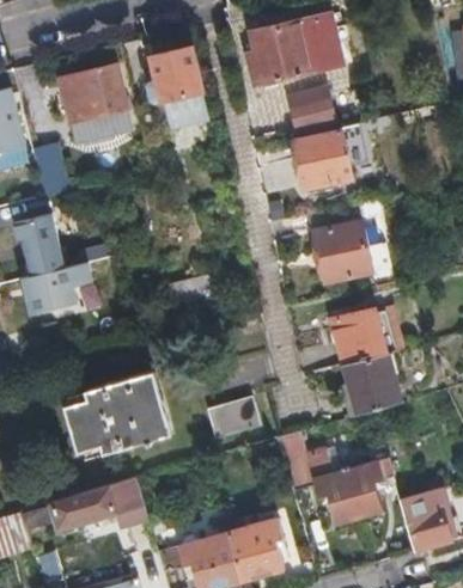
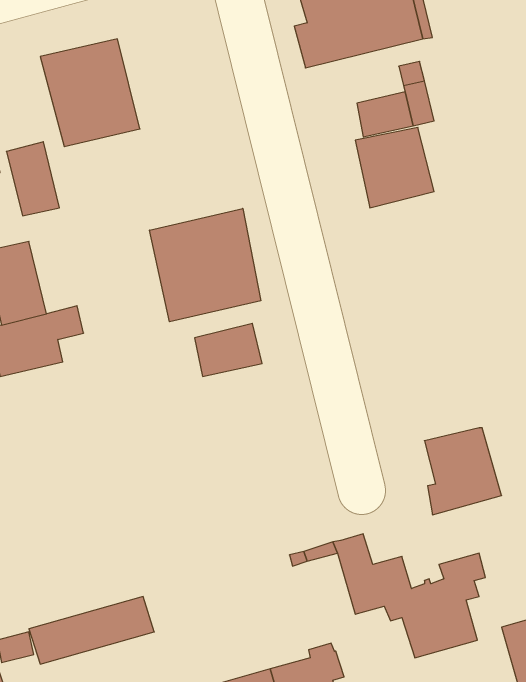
building: [153,44,212,124] -> none
building: none -> [150,208,261,322]
building: [312,221,372,282] -> none
building: [333,308,384,362] -> none
building: [66,370,173,453] -> none
building: [207,396,262,439] -> none

